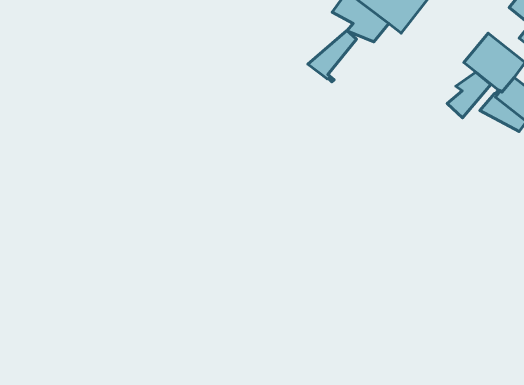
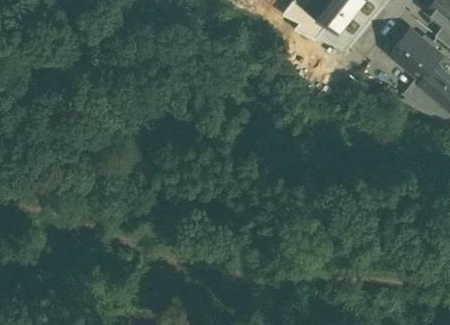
building: [308,31,357,82] -> none
building: [447,72,491,118] -> none

